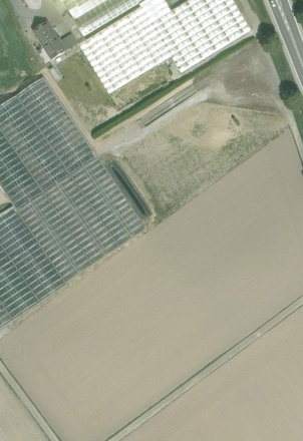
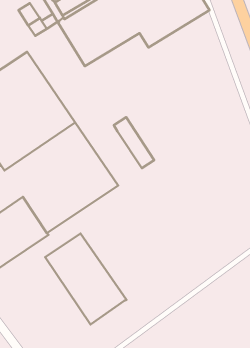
building: none -> [114,117,154,168]
building: none -> [45,234,126,324]

